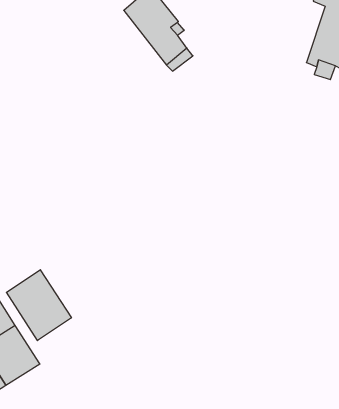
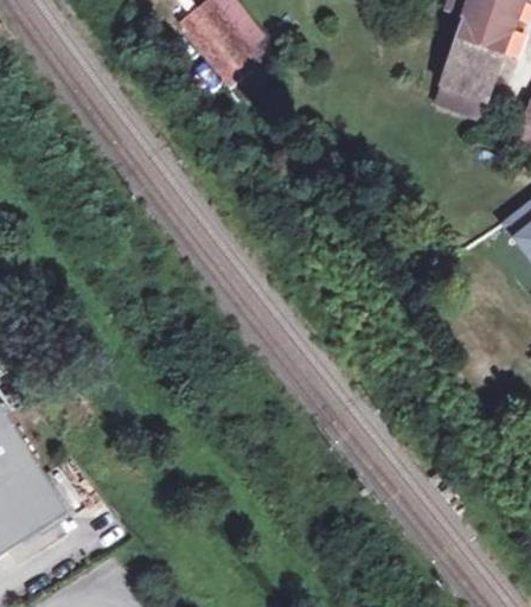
building: [6,270,71,341] -> none

